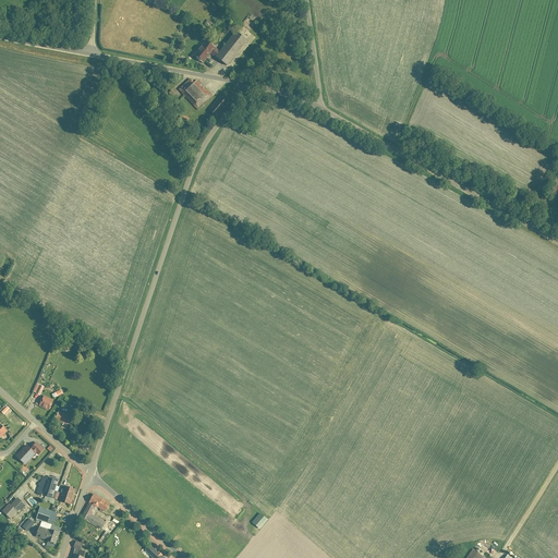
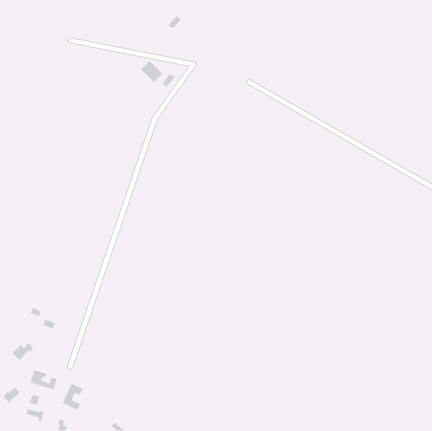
building: [192,31,247,65] -> none

